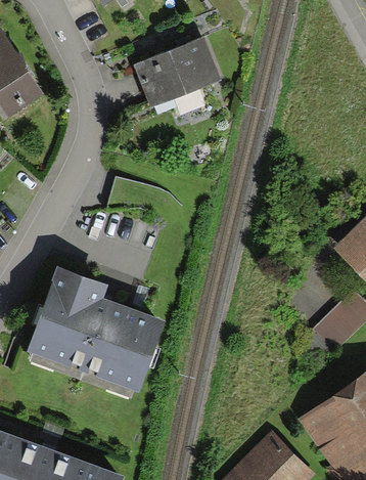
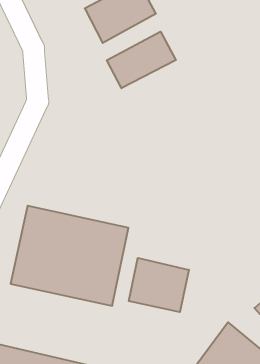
building: none -> [107,32,176,88]
building: none -> [129,258,189,312]

